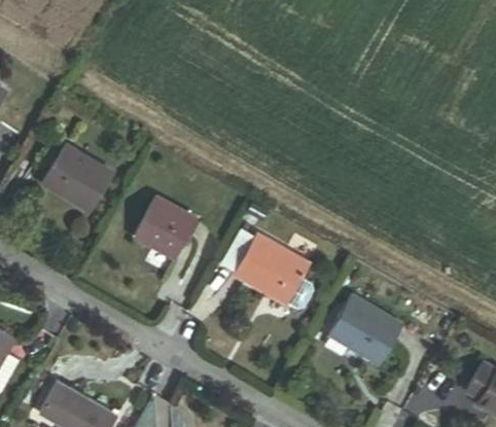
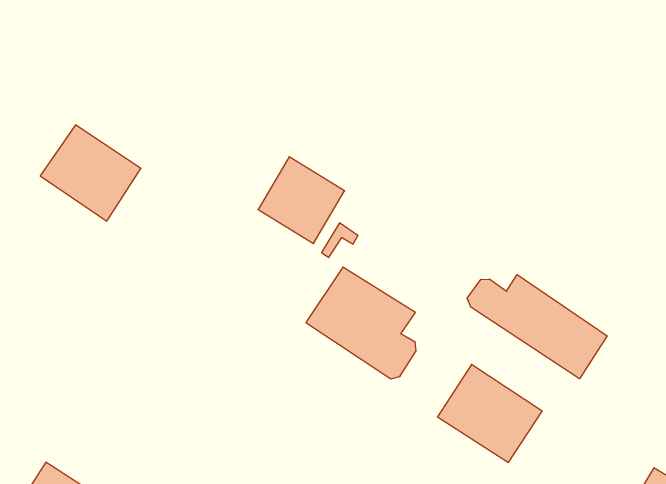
building: [135,197,194,256] -> [258,157,345,244]
building: none -> [467,275,607,379]

